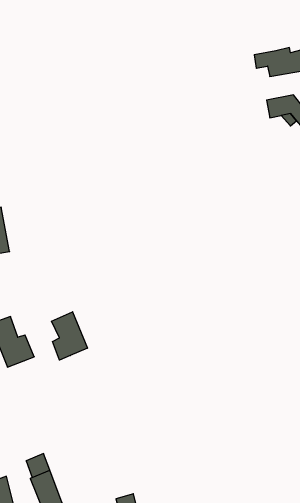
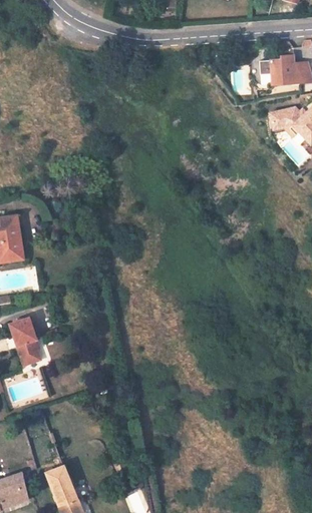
building: [51,312,87,360] -> none

